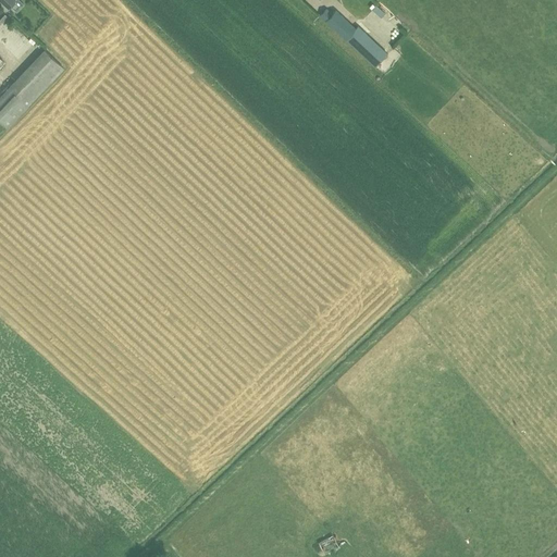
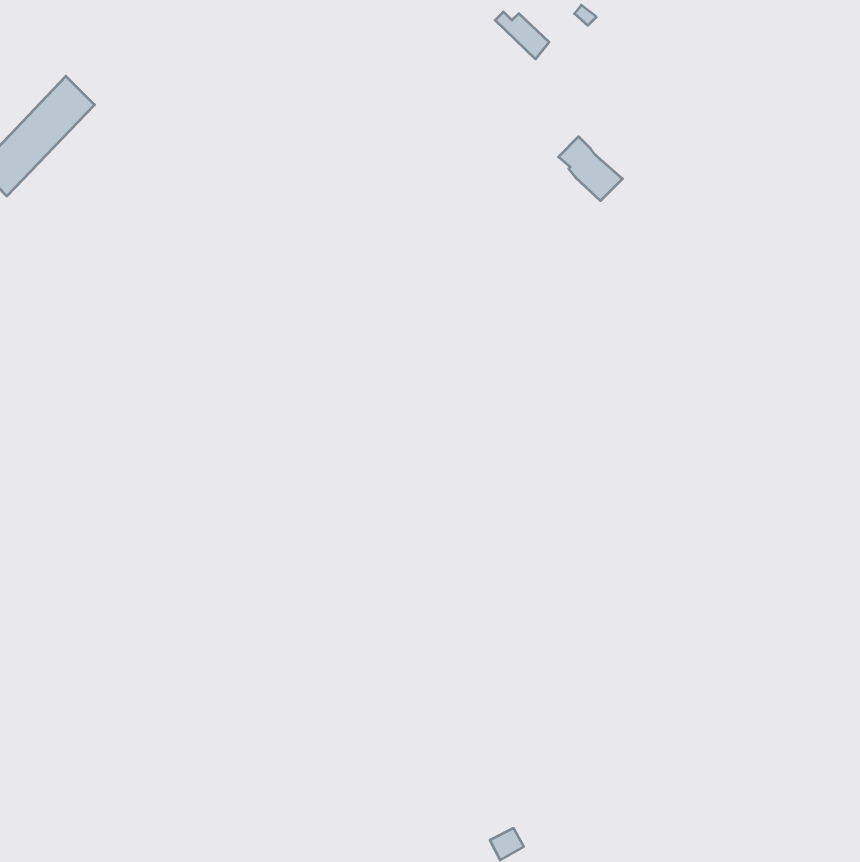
building: [345,25,386,66] -> [558,137,623,201]

